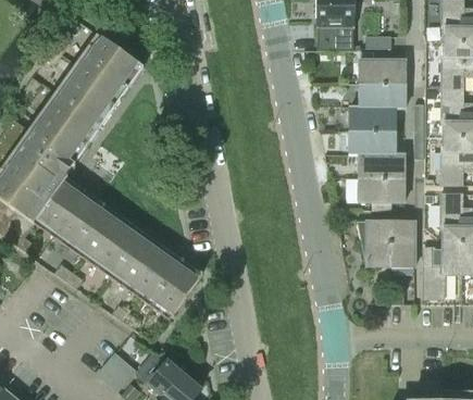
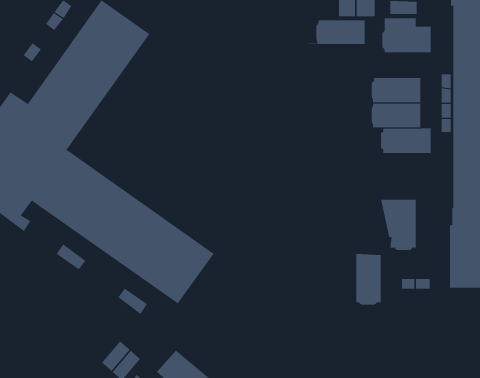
building: [351,85,406,108] -> [307,20,366,44]
building: [358,178,406,210] -> none
building: [391,221,415,268] -> [356,254,381,305]

